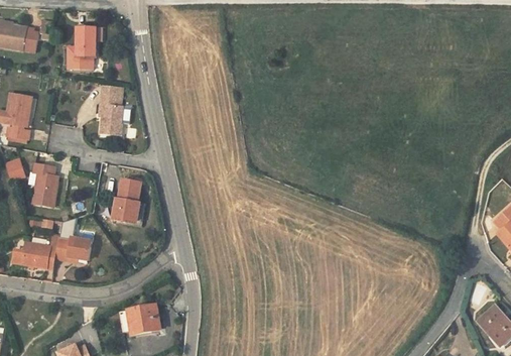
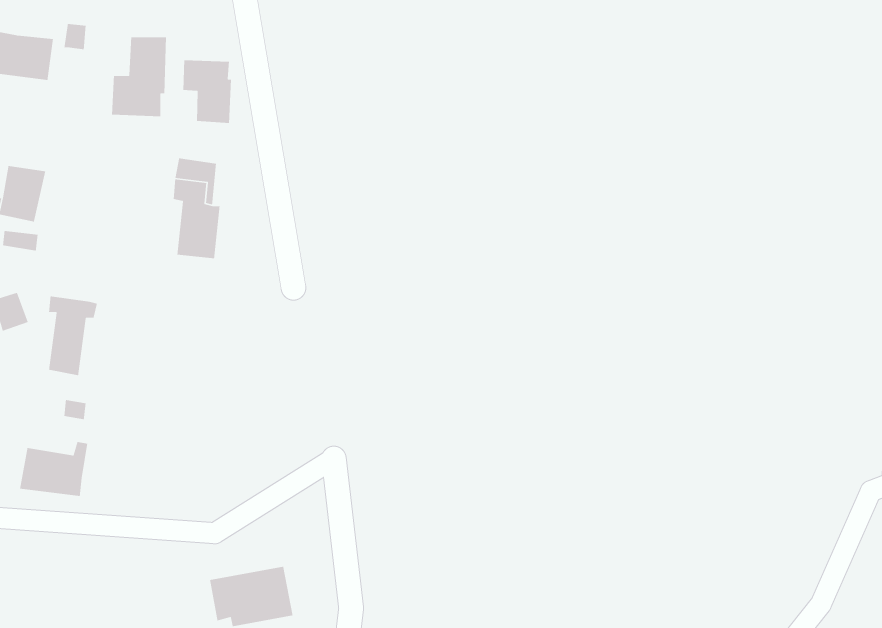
building: none -> [183,59,232,124]
building: [115,181,140,220] -> none
building: [50,236,88,260] -> none

